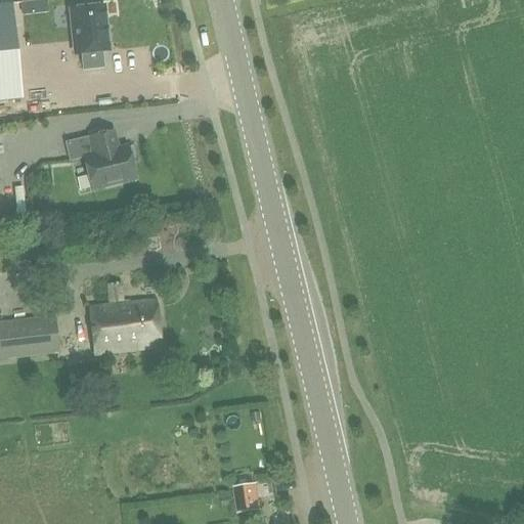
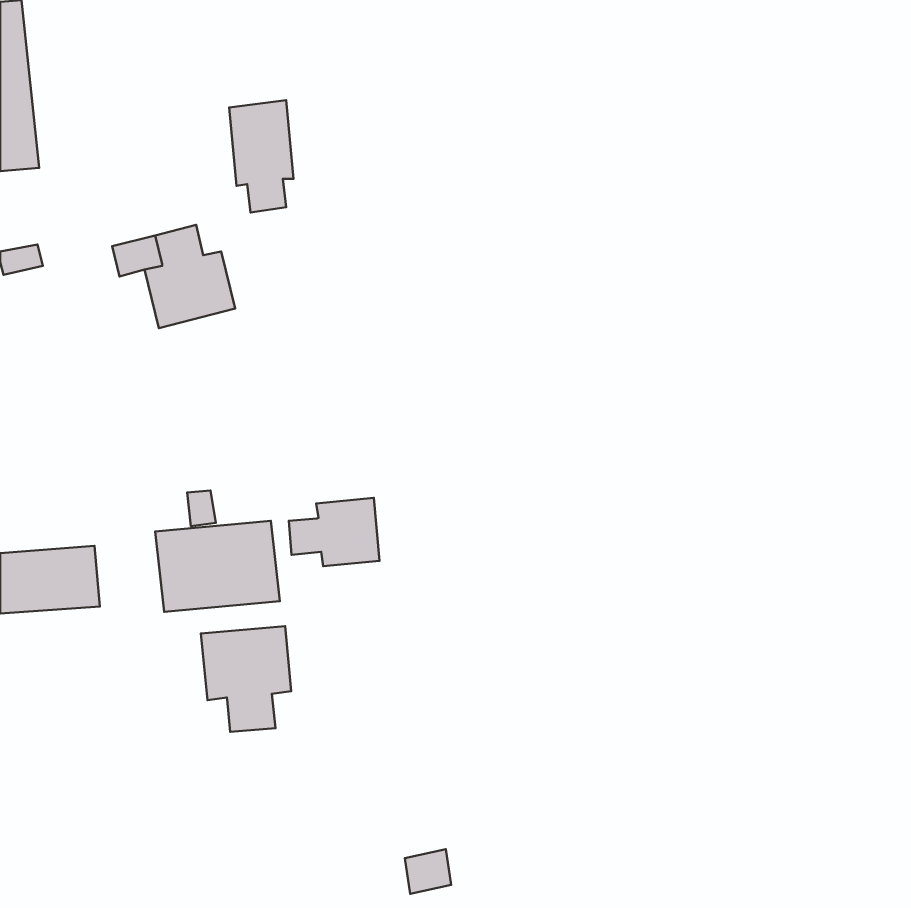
building: [70,4,106,69] -> [229,100,293,213]
building: none -> [289,498,379,566]
building: none -> [201,626,291,732]

